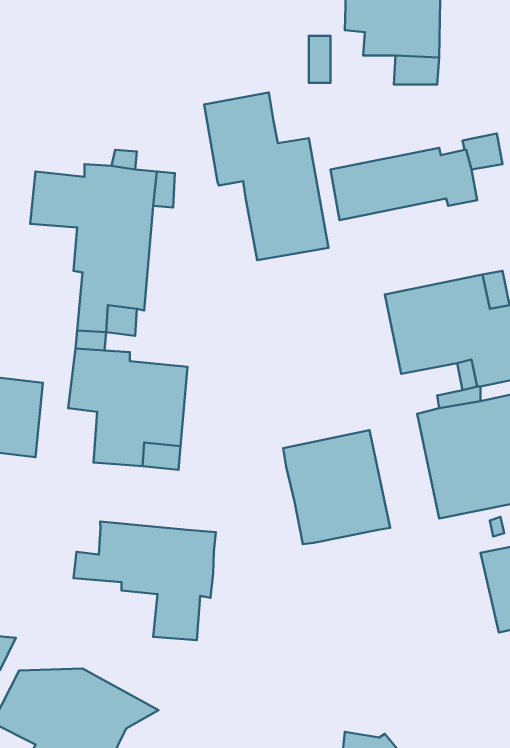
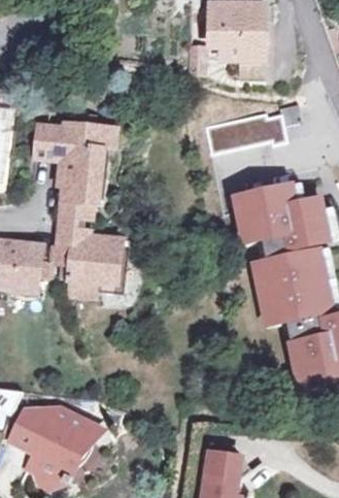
building: [204,93,328,260] -> none
building: [283,430,390,544] -> none
building: [73,521,216,640] -> none

